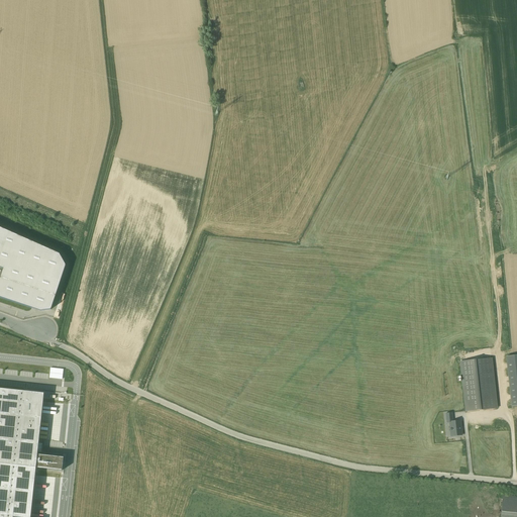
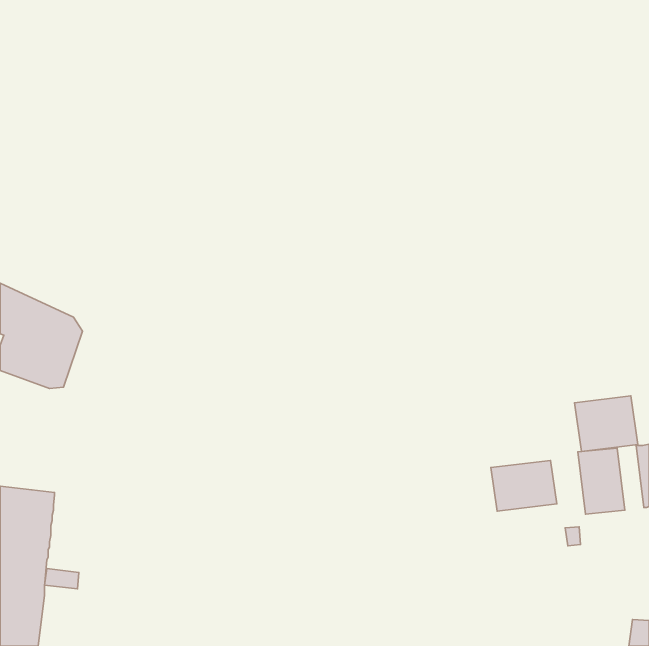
building: none -> [574,396,638,451]
building: none -> [491,460,557,511]

